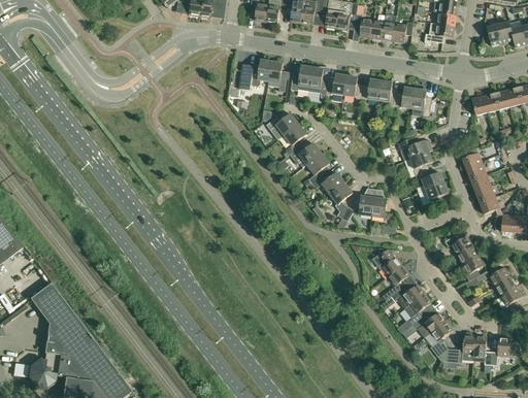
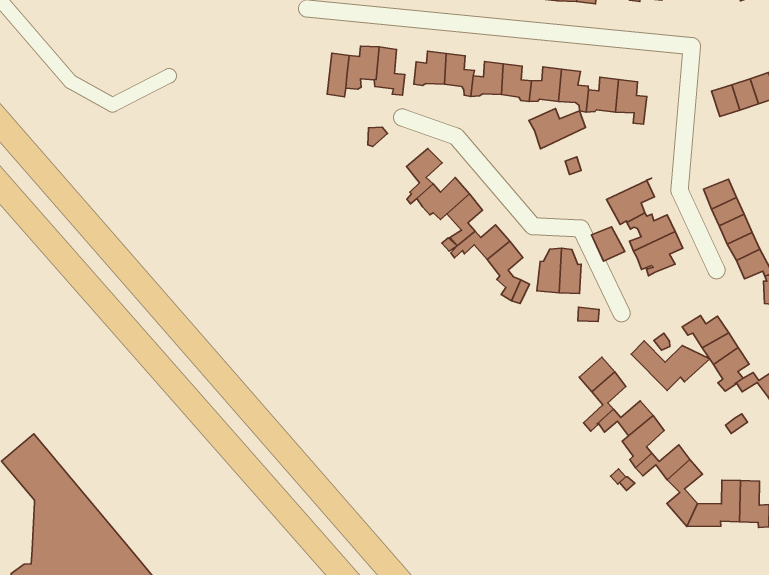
building: [265,113,297,139] -> none
building: [397,137,431,161] -> [529,109,585,149]
building: none -> [631,341,710,390]

